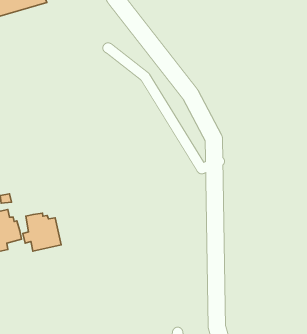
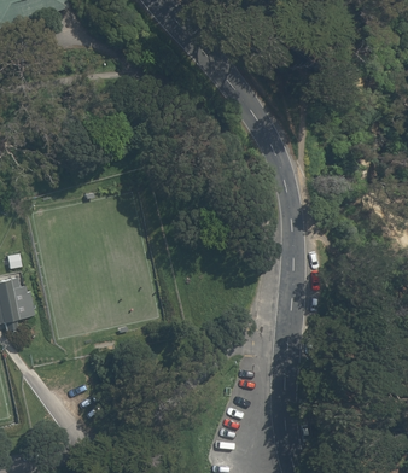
building: [23,213,61,251] -> none

